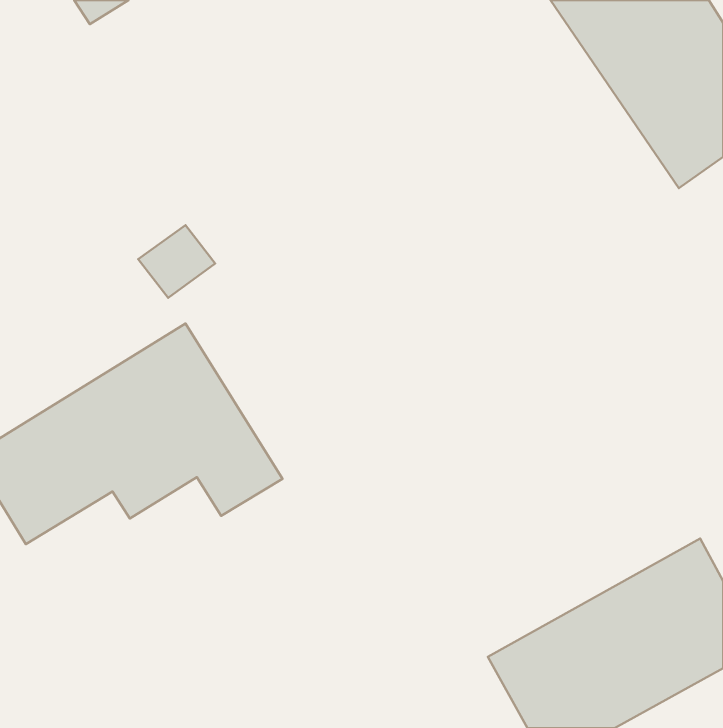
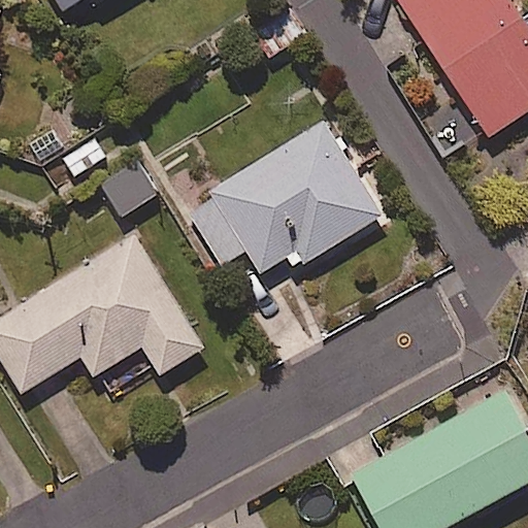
building: none -> [184,122,382,272]

